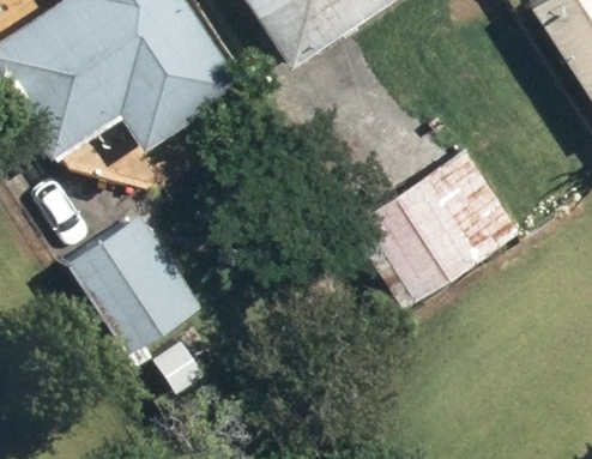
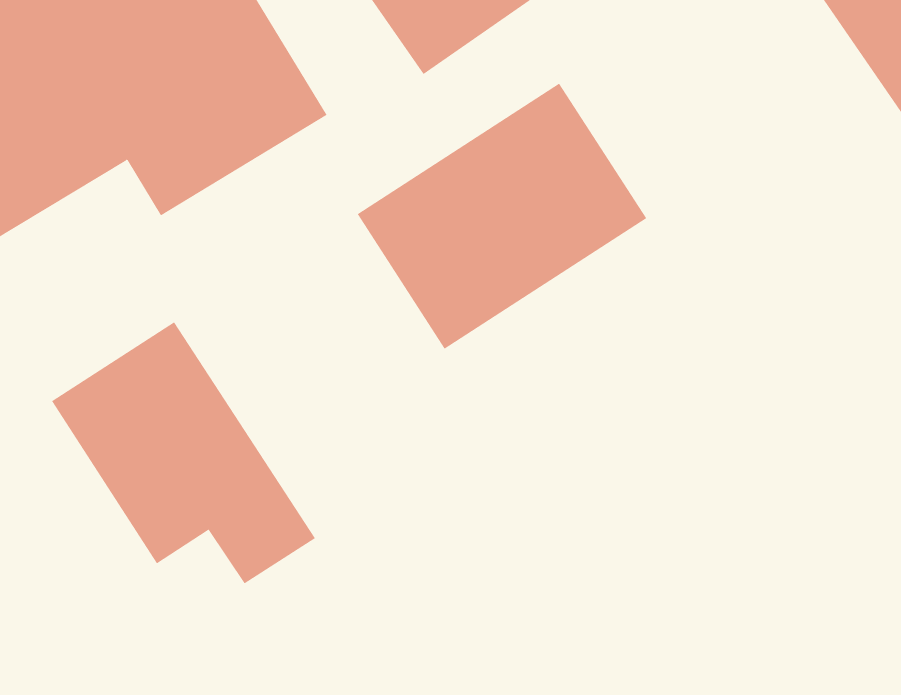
building: [357,143,532,303] -> [357,83,647,349]

